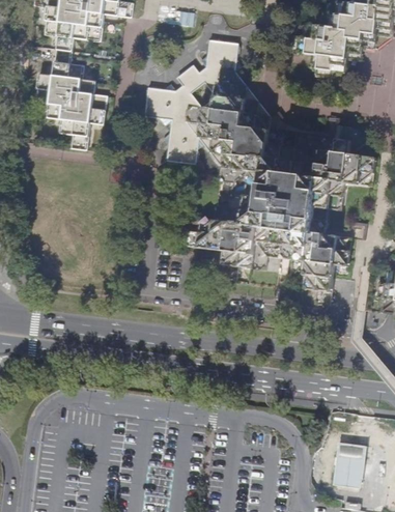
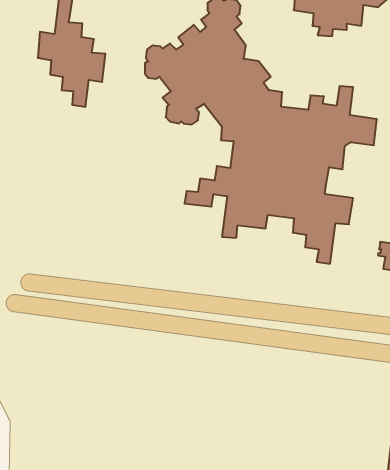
building: [334,440,366,486] -> none

